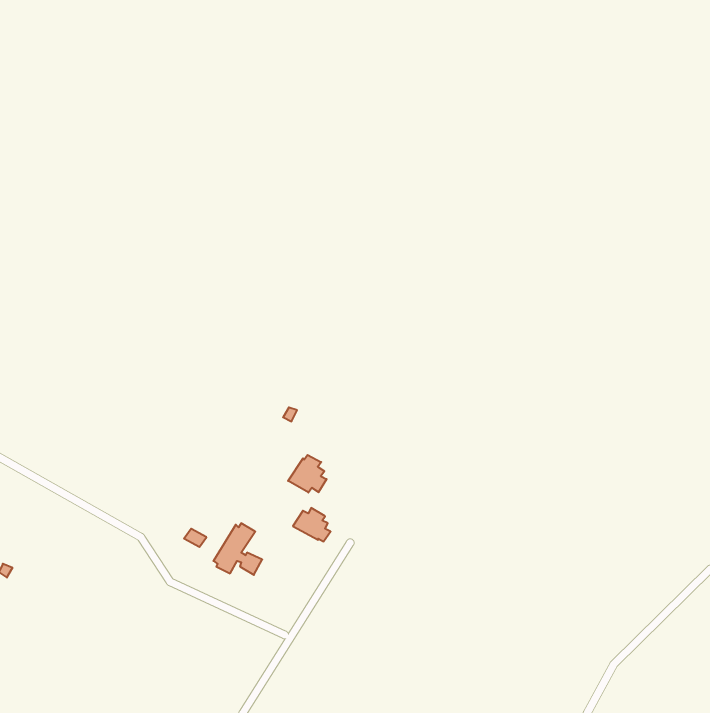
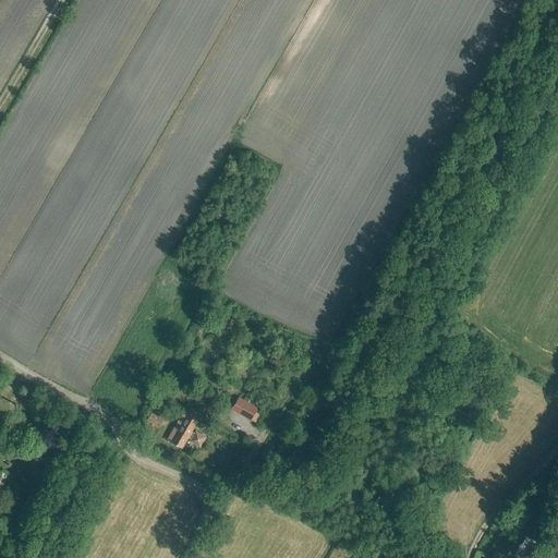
building: [288,455,327,493] -> none

